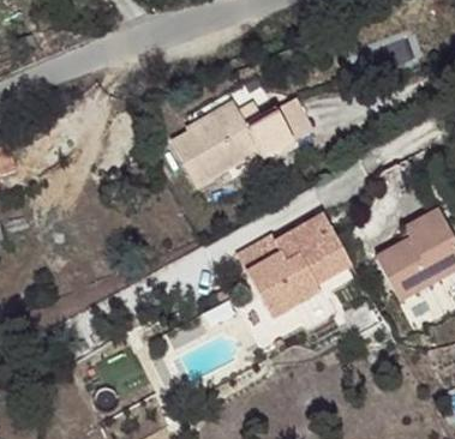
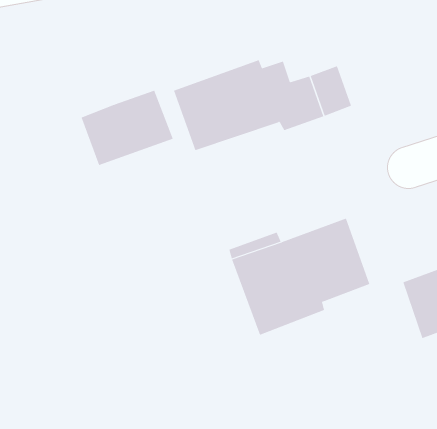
building: none -> [81,90,173,166]

